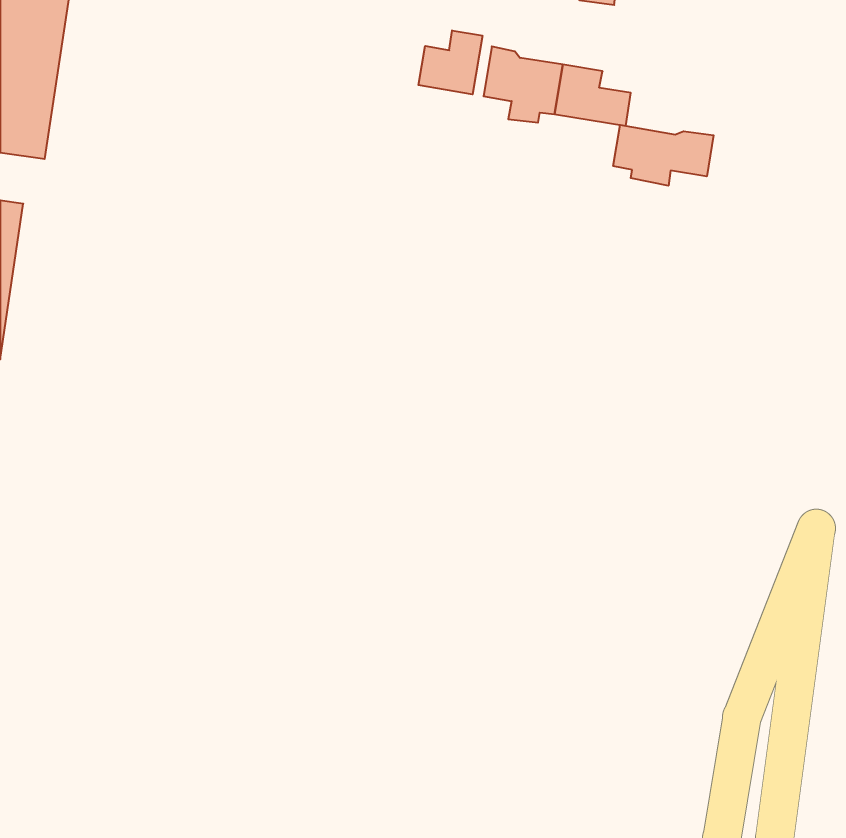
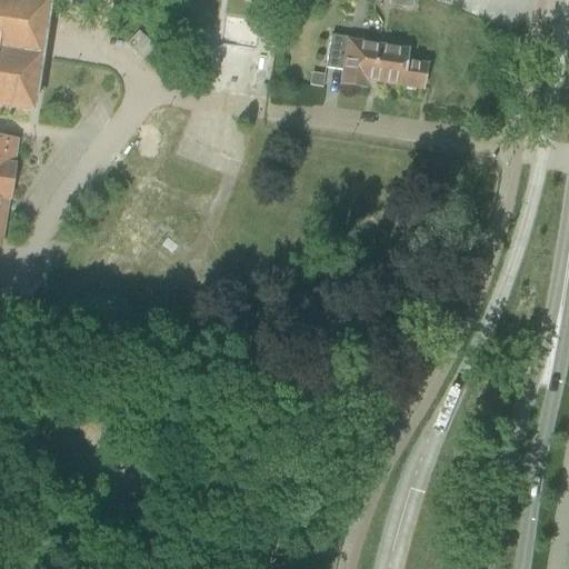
building: [418,30,482,94] -> none
building: [613,125,714,186] -> none

